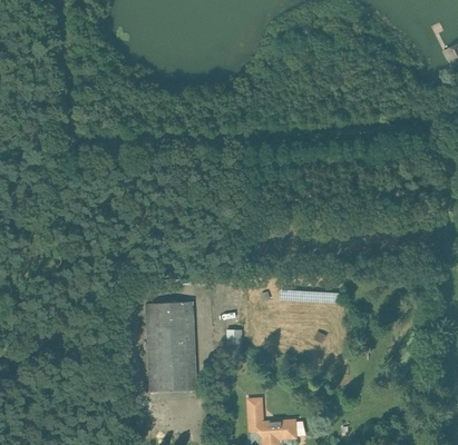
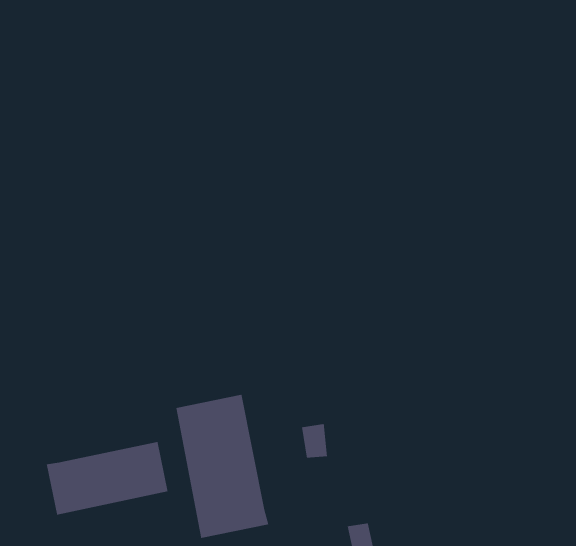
building: none -> [46,441,168,515]

